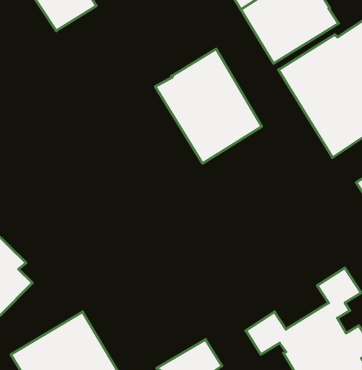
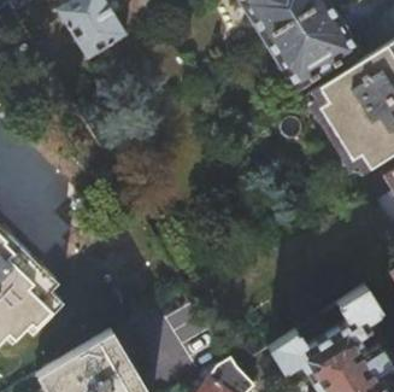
building: [155,49,262,163] -> none

